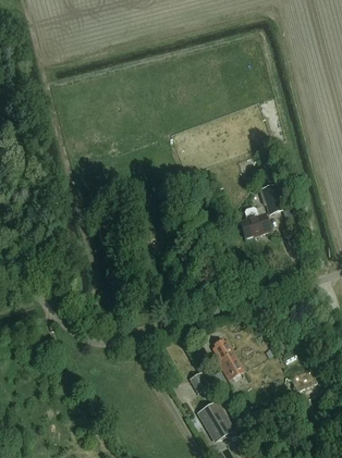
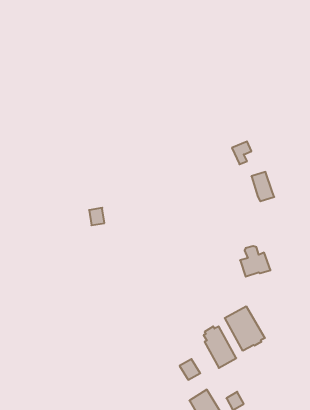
building: [240,207,270,237] -> [240,246,271,277]
building: none -> [225,306,265,351]

